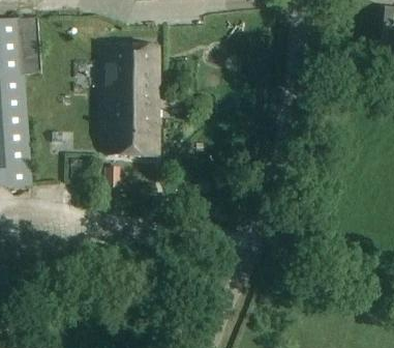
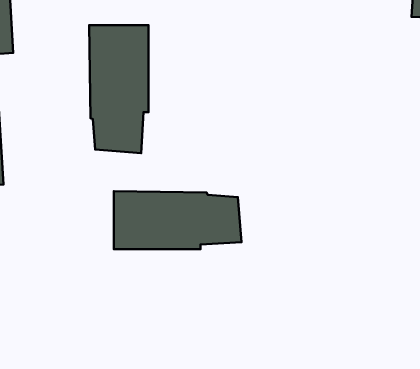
building: none -> [114,191,241,249]

